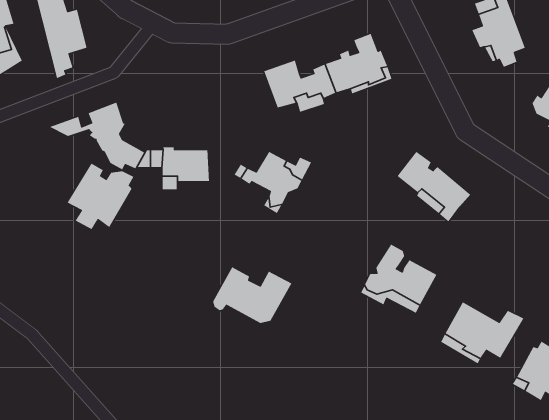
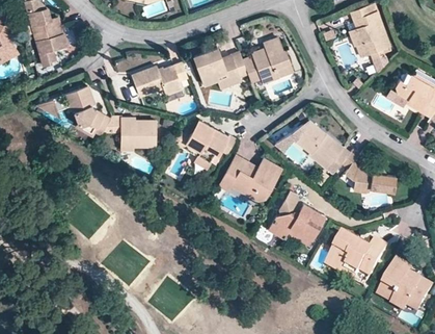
building: none -> [132,61,187,96]
building: [67,163,134,230] -> none
building: none -> [341,151,396,192]
building: [212,266,292,324] -> [221,155,280,198]

